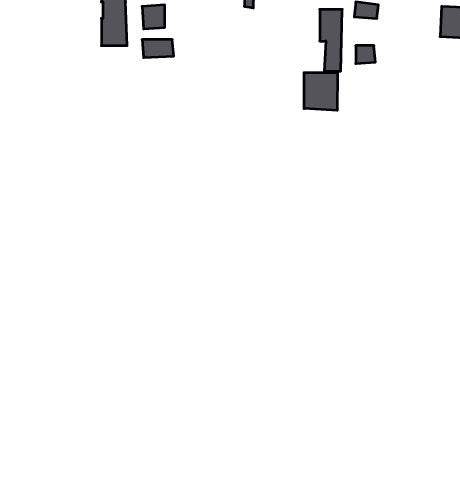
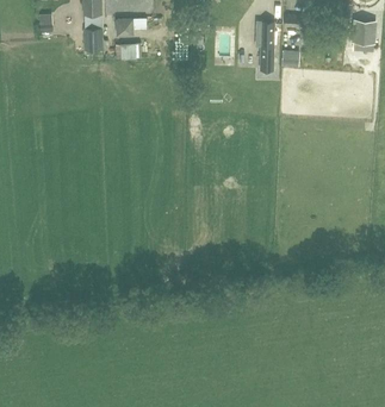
building: [304,73,337,110] -> none

